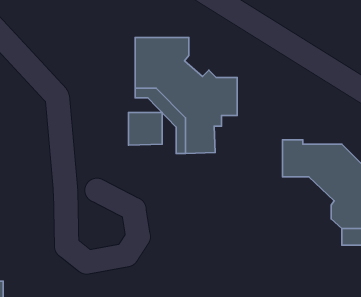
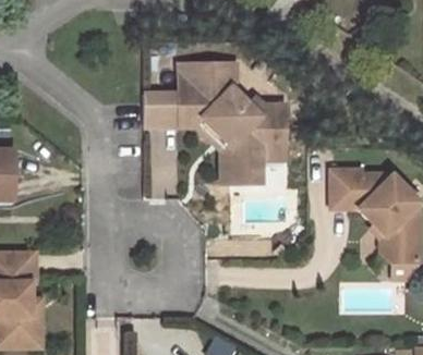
building: [128,113,162,145] -> [144,93,179,126]

